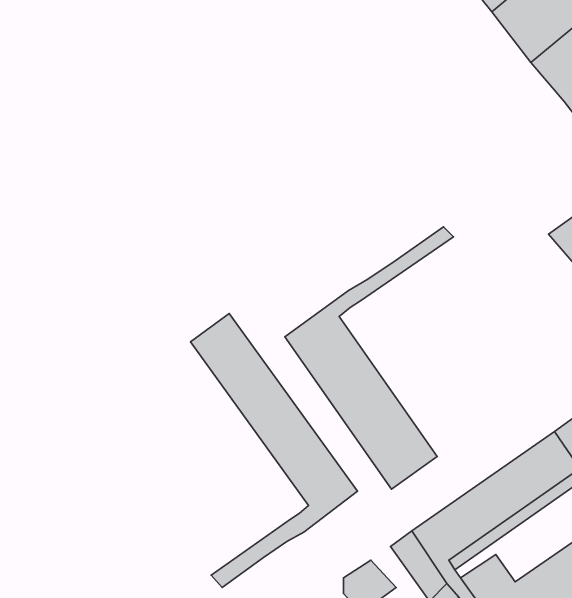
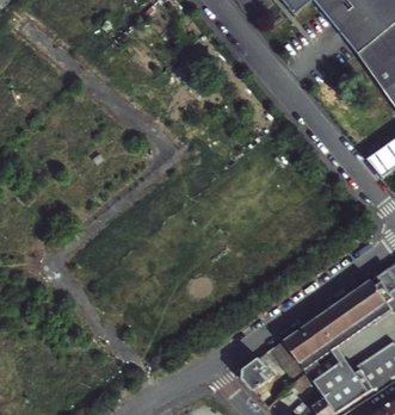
building: [285,227,454,489] -> none
building: [191,313,358,587] -> none

